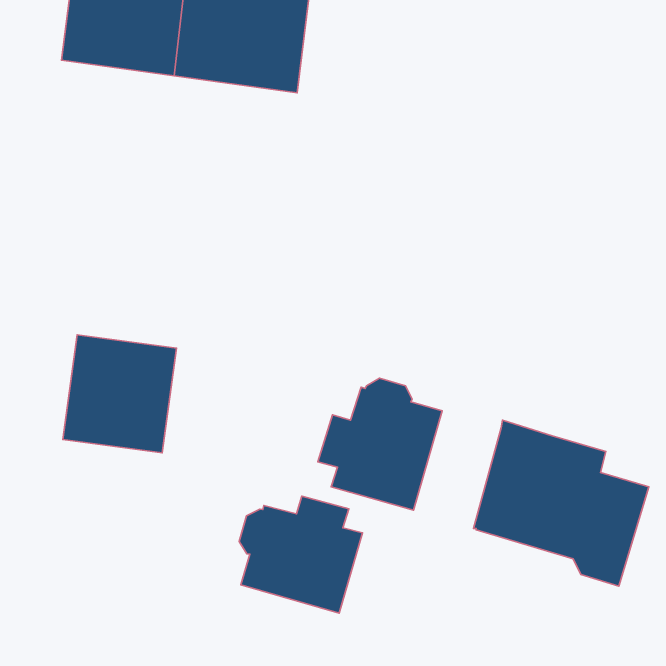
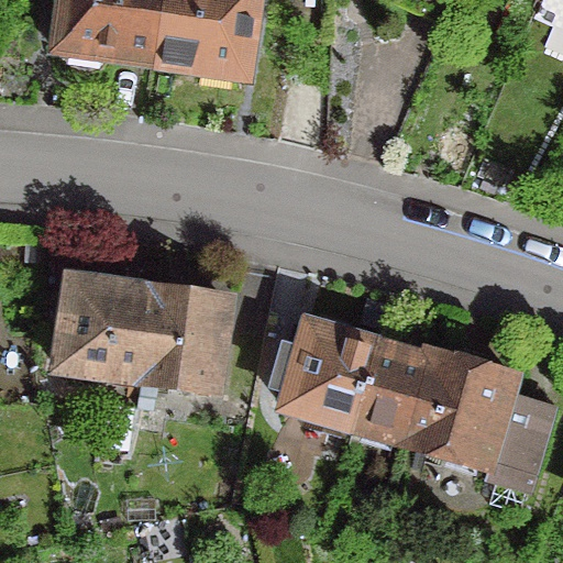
building: none -> [139,292,224,391]
building: none -> [350,345,423,444]
building: [239,496,363,613] -> none

